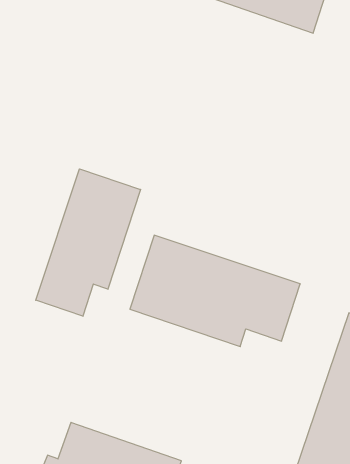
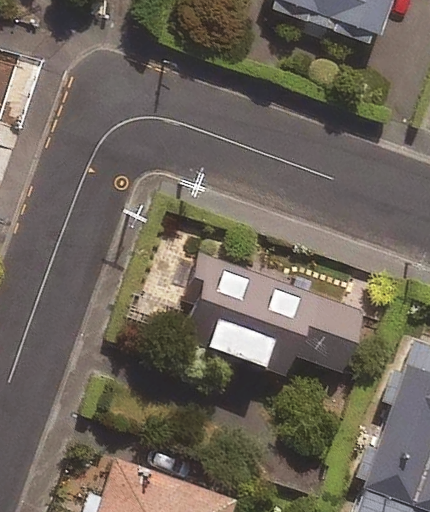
building: [36,169,141,316] -> none

